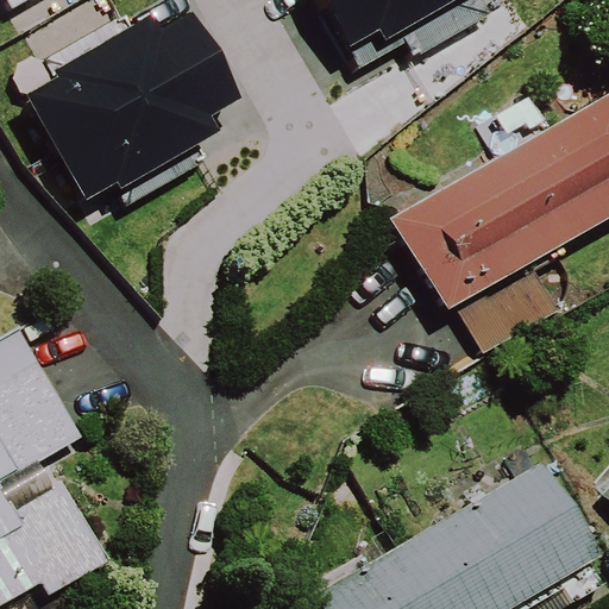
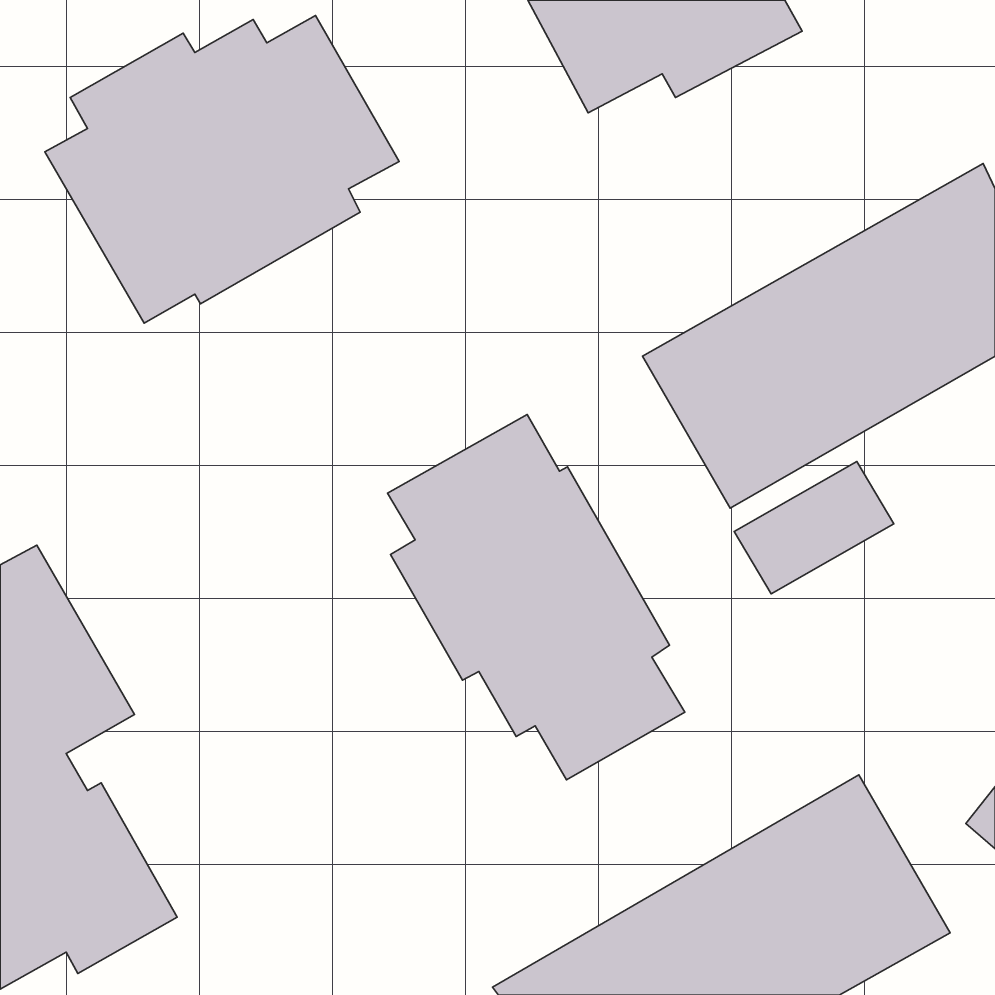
building: none -> [388,415,685,780]

